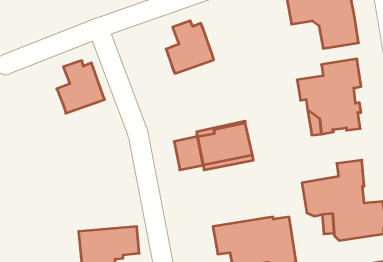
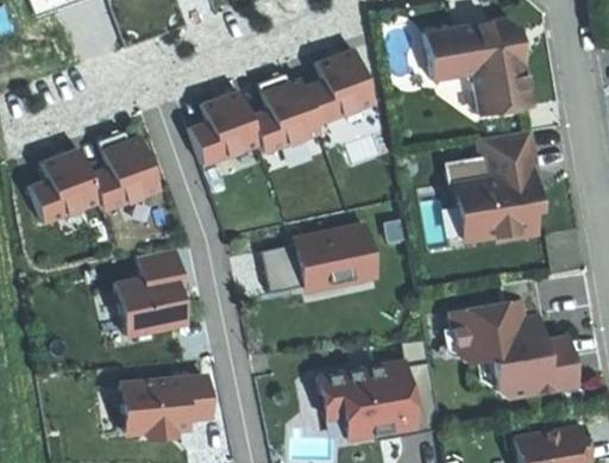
building: none -> [304,49,375,123]
building: none -> [190,90,259,164]
building: none -> [29,149,100,221]
building: none -> [115,248,186,334]

